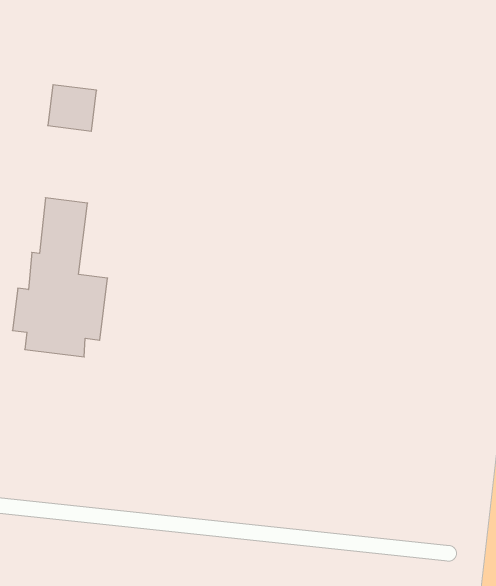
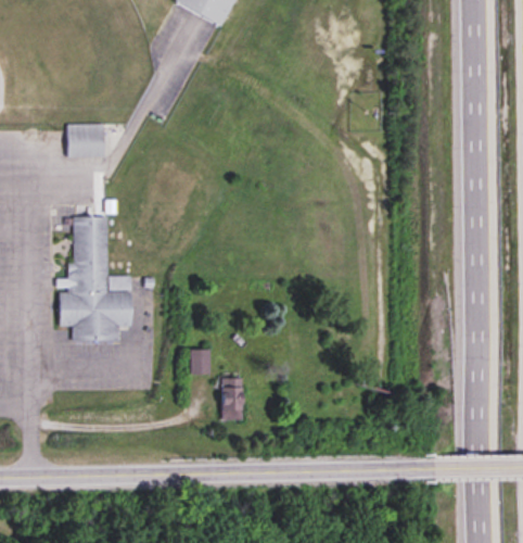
building: none -> [190,349,211,374]
building: none -> [222,378,243,419]

